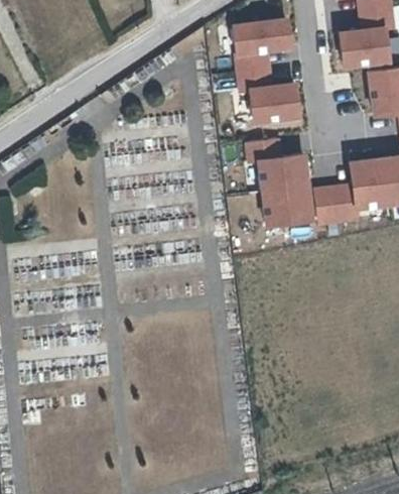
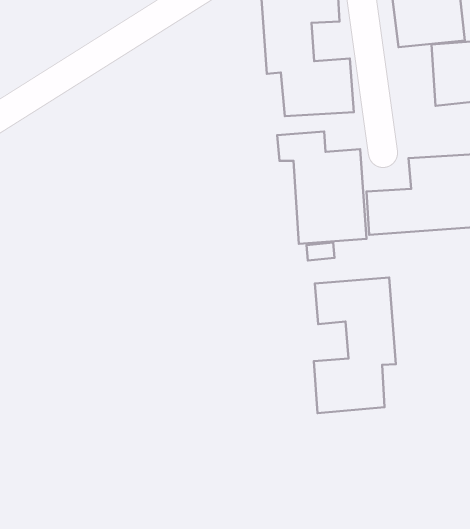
building: none -> [314,277,396,413]

